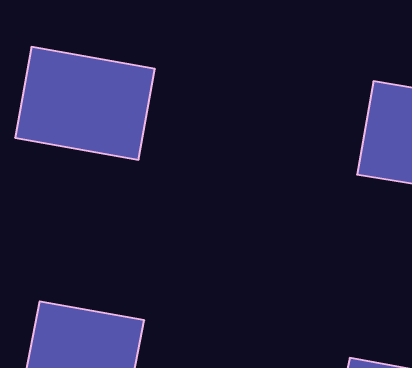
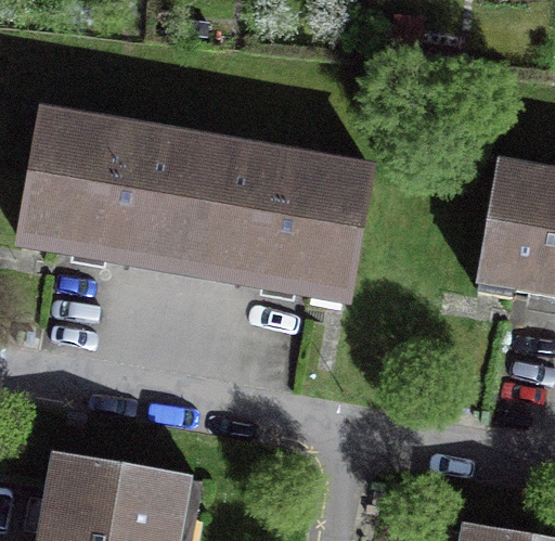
building: none -> [185,142,371,291]

